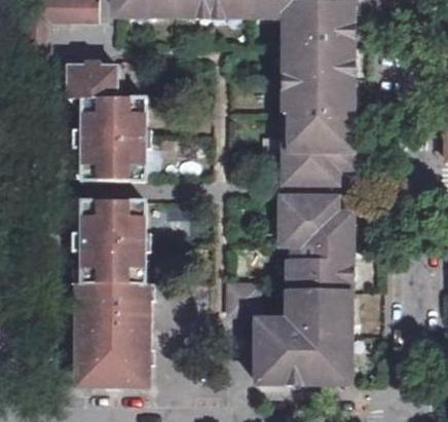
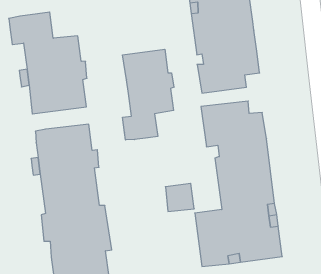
building: none -> [123,49,174,140]

